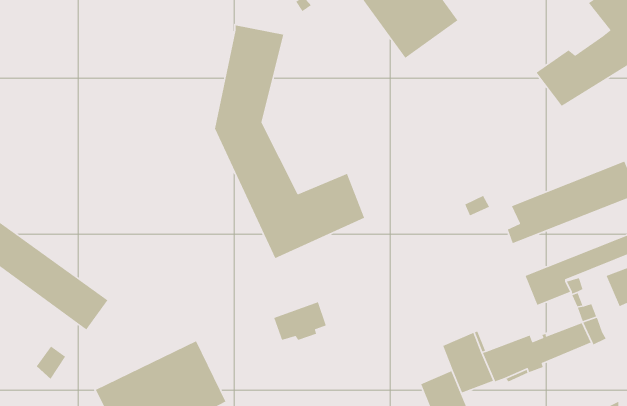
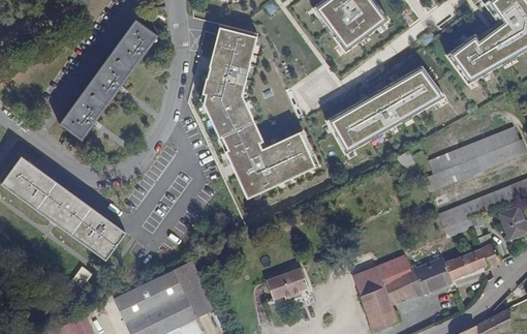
building: none -> [59,20,156,140]
building: none -> [329,67,442,154]
building: [273,301,327,341] -> [266,268,306,298]
building: none -> [350,266,382,295]

